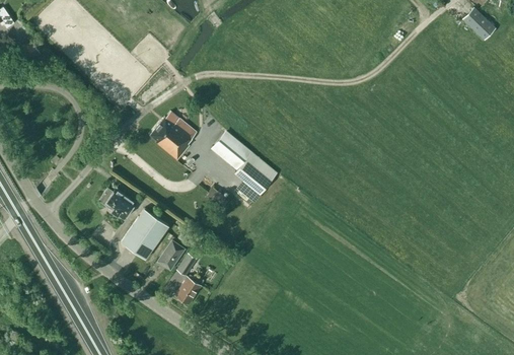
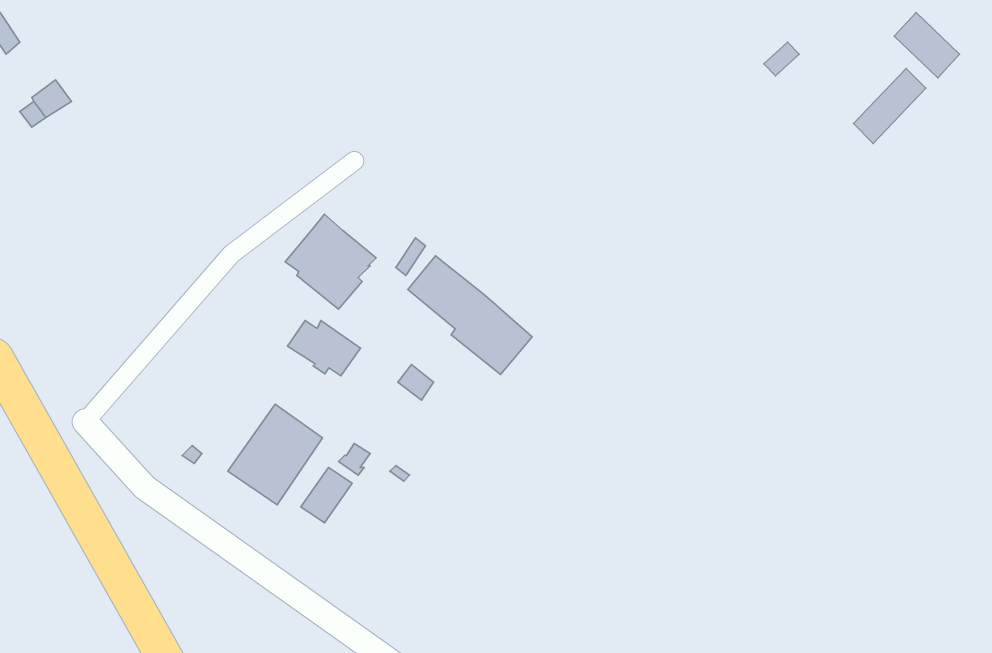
building: none -> [854,68,926,143]
building: [97,188,135,216] -> [287,320,361,376]
building: [174,247,201,304] -> none

